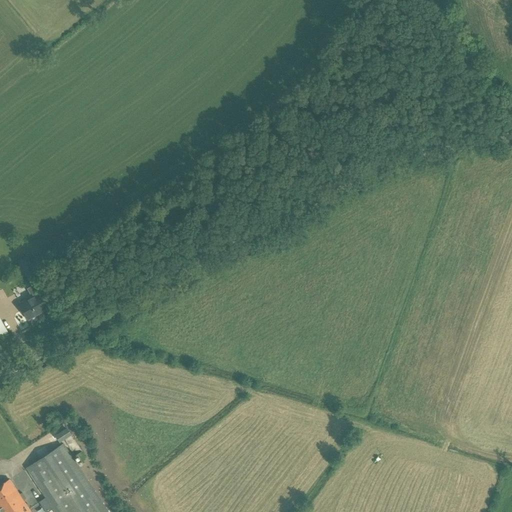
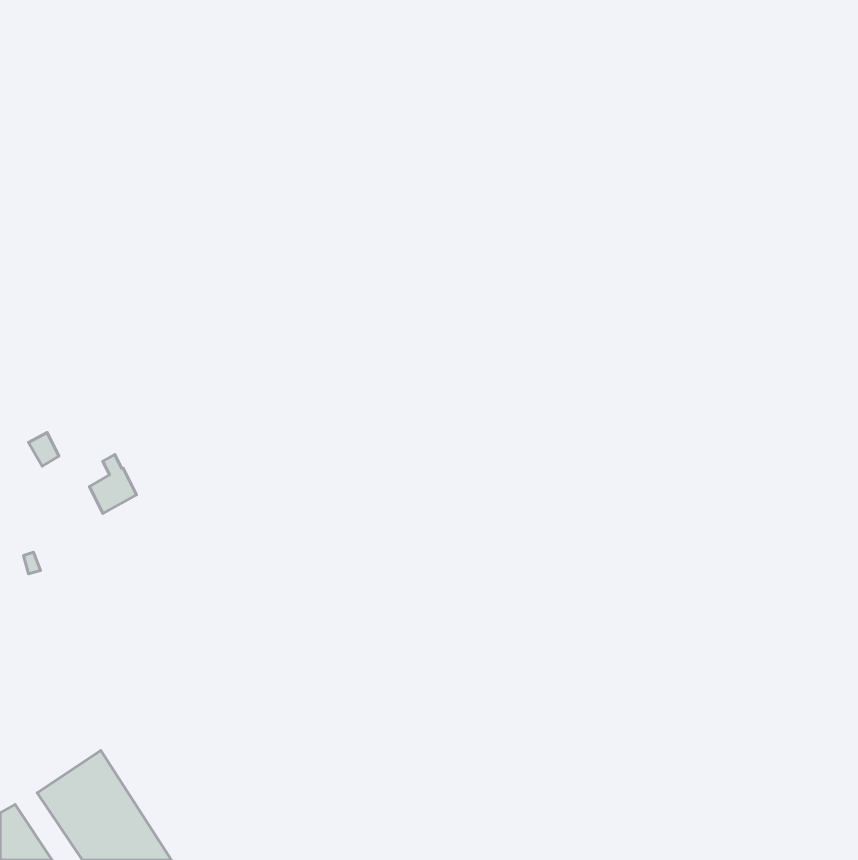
building: [20,284,48,319] -> [89,455,137,513]

